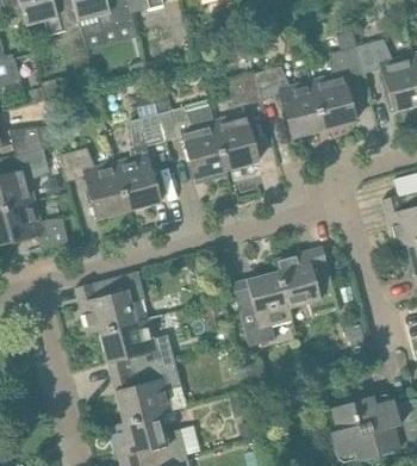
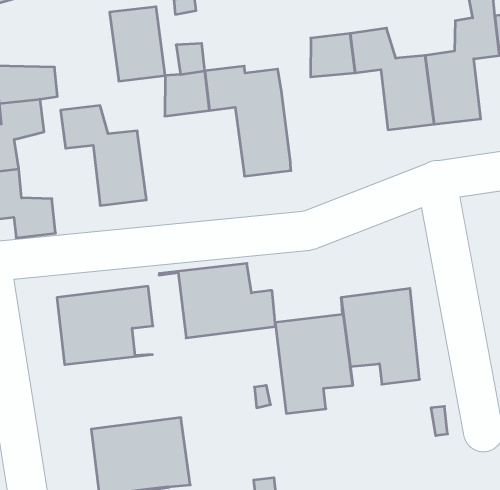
building: [213,112,259,169] -> none
building: [116,154,161,210] -> [110,7,165,81]
building: [87,318,174,377] -> [159,263,276,338]

